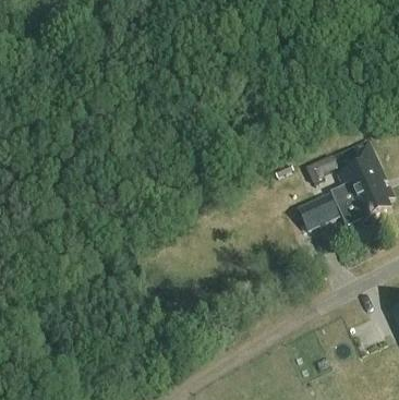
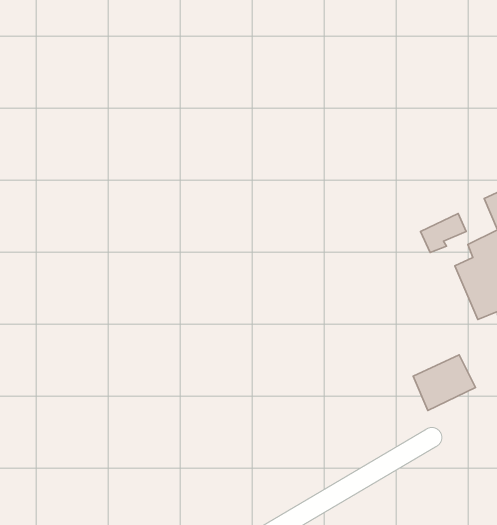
building: [300,194,341,231] -> [413,355,475,410]

